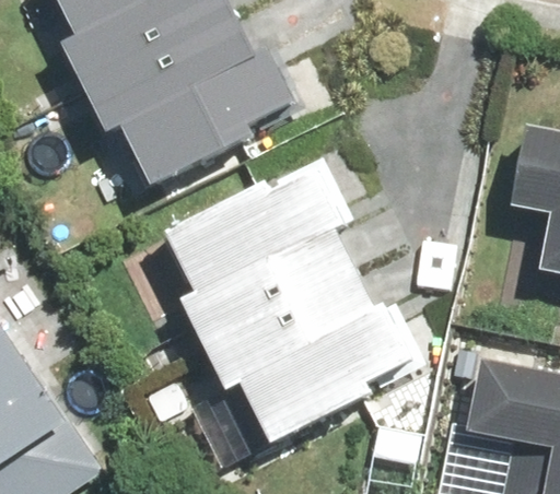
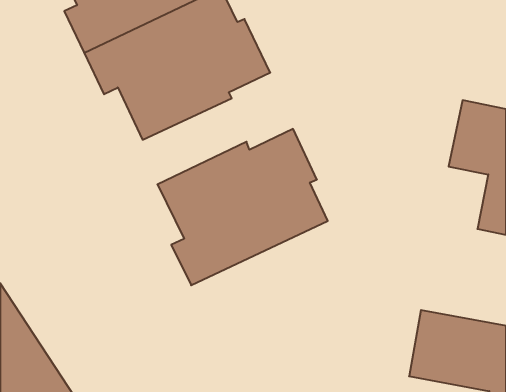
building: [211,264,418,433] -> none

